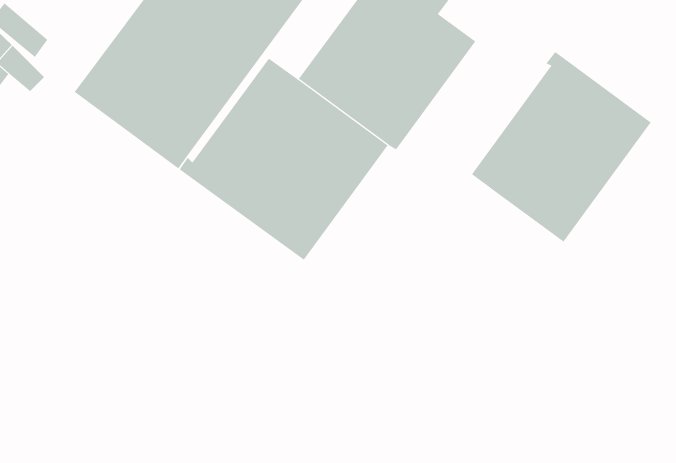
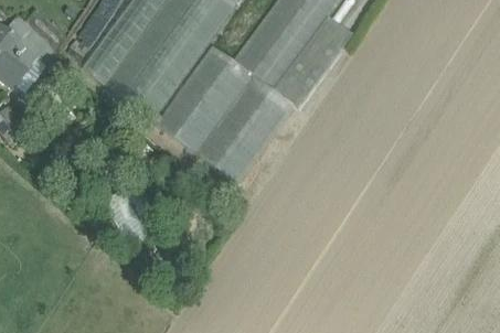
building: [471,51,651,242] -> none

